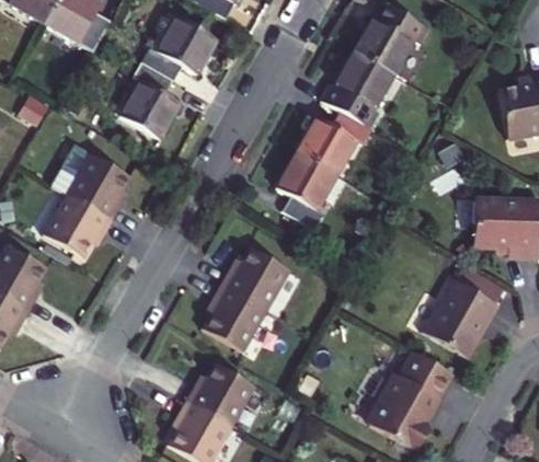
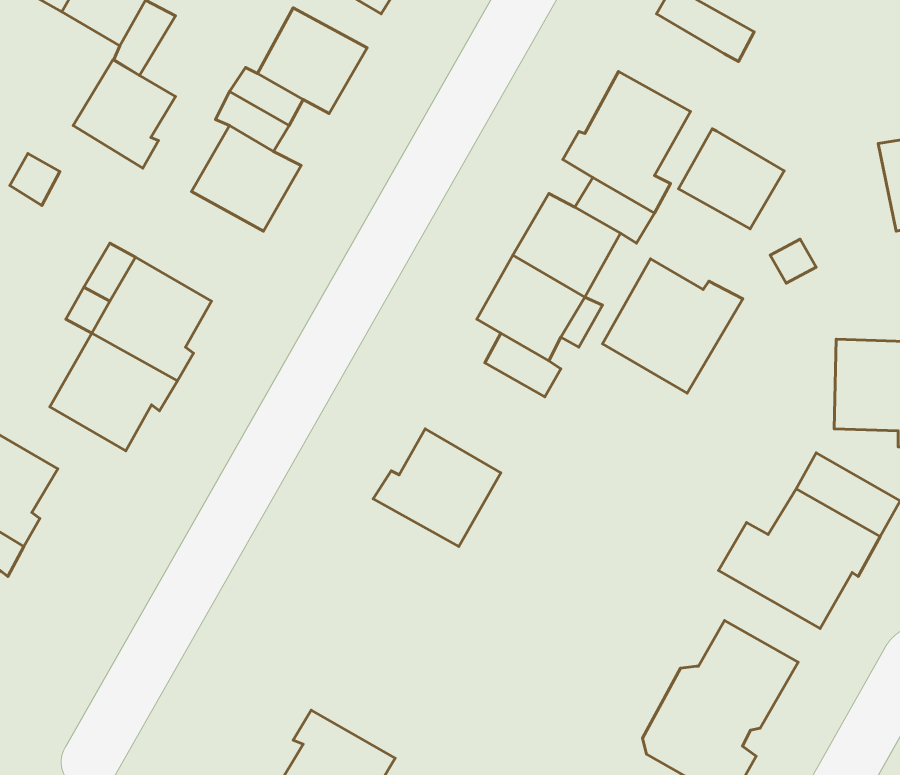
building: [355,18,413,72] -> [678,129,784,229]
building: none -> [73,60,175,168]
building: none -> [602,259,743,393]
building: [202,285,267,353] -> none
building: [186,362,255,427] -> none

